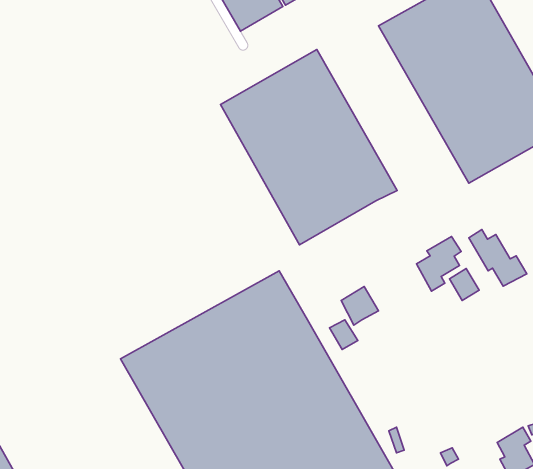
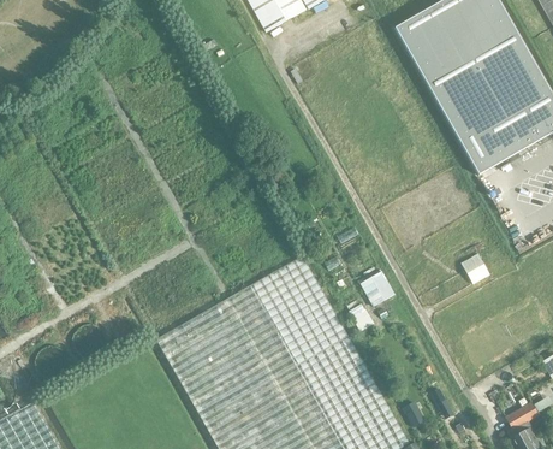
building: [220,49,397,245] -> none
building: [469,230,527,286] -> none
building: [417,236,461,291] -> none

